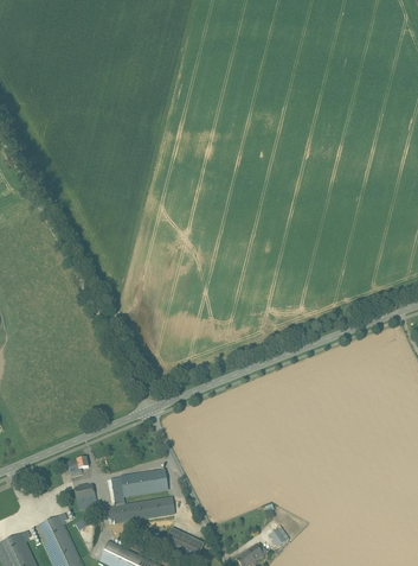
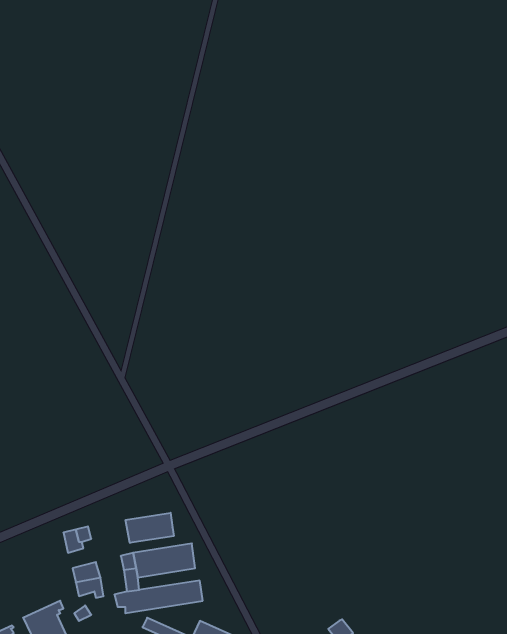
building: none -> [126,513,174,543]

